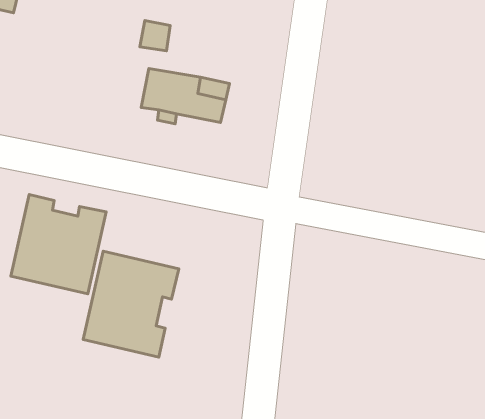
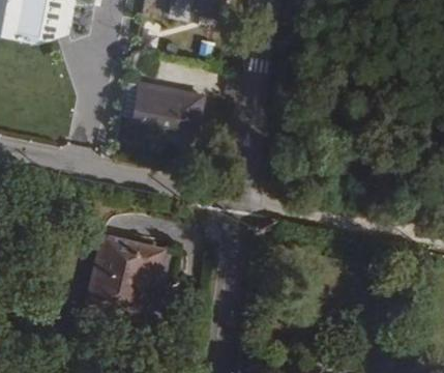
building: [11,194,106,294] -> none

